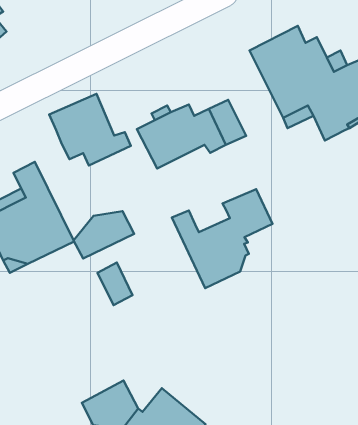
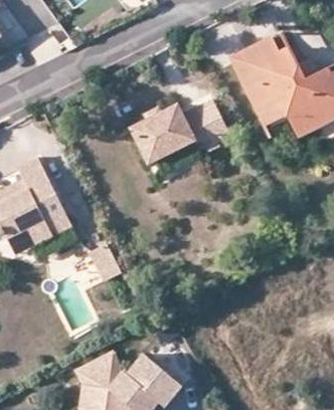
building: [49,94,131,165] -> none
building: [172,189,272,288] -> none
building: [74,211,134,258] -> none

